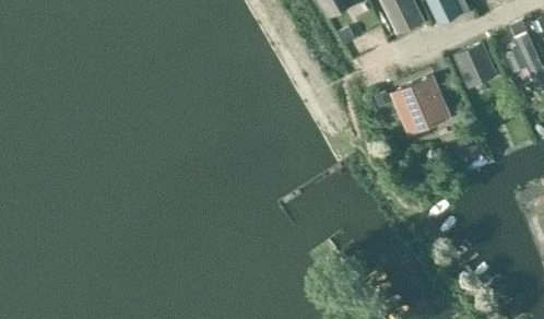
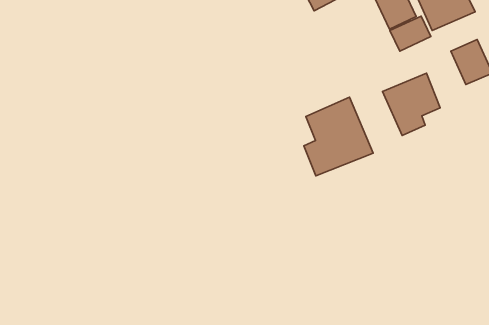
building: none -> [390,16,431,51]
building: none -> [304,97,373,176]

